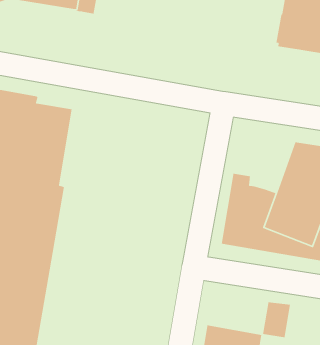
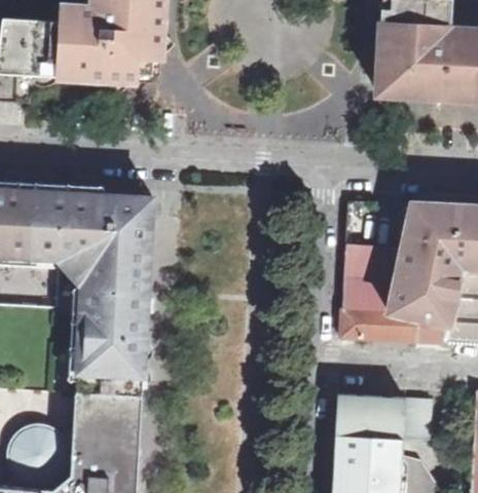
building: none -> [336,393,405,439]

